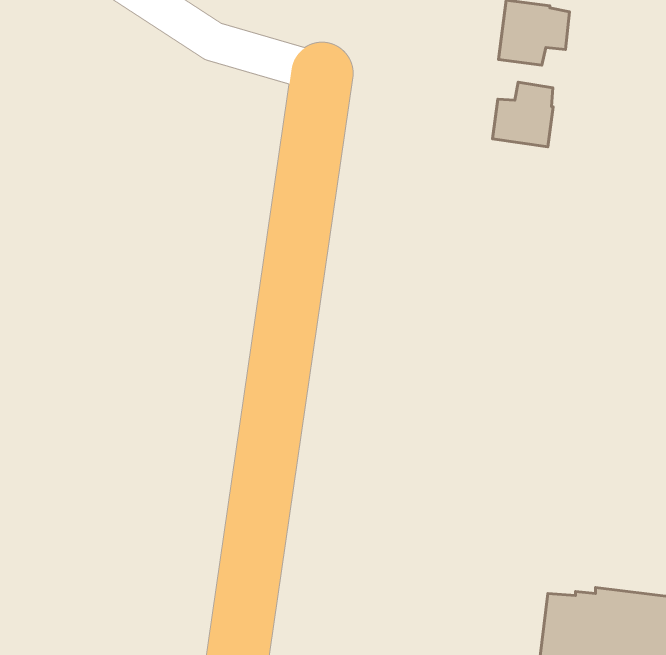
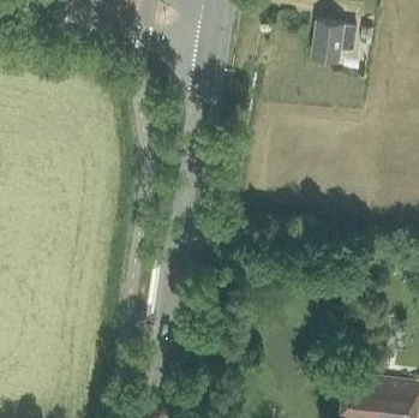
building: [493,82,553,147] -> none

